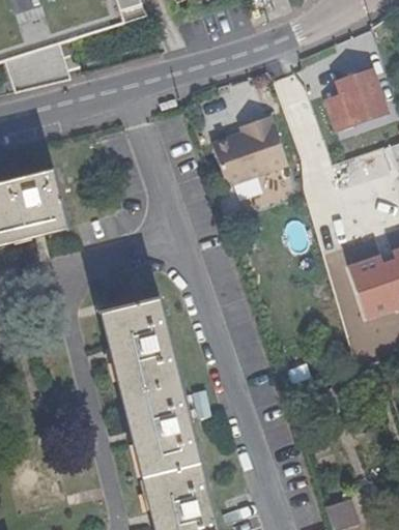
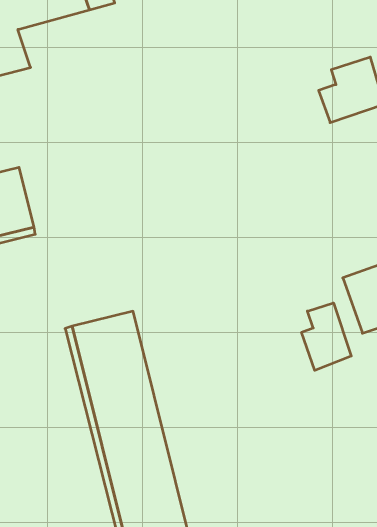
building: [212,114,288,184] -> none
building: none -> [302,303,351,370]

